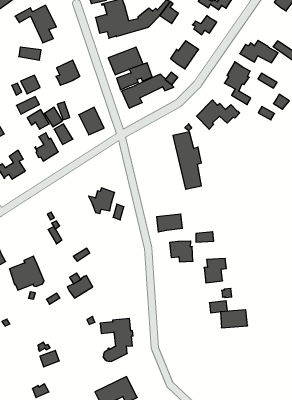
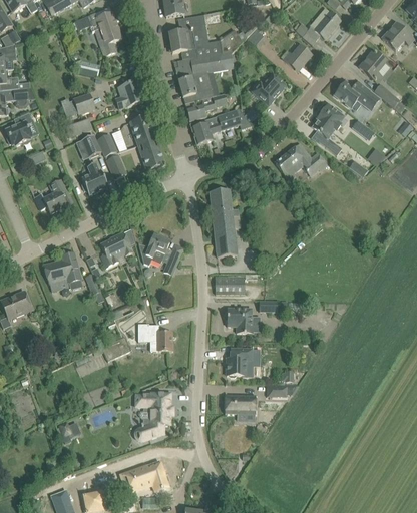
building: none -> [358,50,385,82]
building: none -> [174,51,233,82]
building: none -> [128,114,155,145]
building: [173,132,201,189] -> [209,189,239,256]
building: none -> [99,231,132,268]
building: [9,256,44,290] -> [43,252,82,291]
building: [204,258,226,283] -> [226,348,252,375]
building: none -> [138,324,171,350]
building: [220,310,248,328] -> [224,394,255,414]

